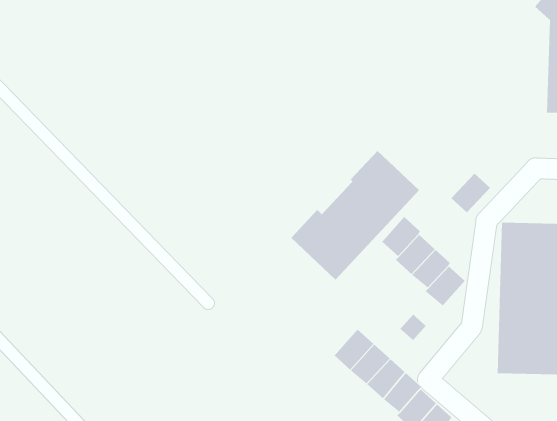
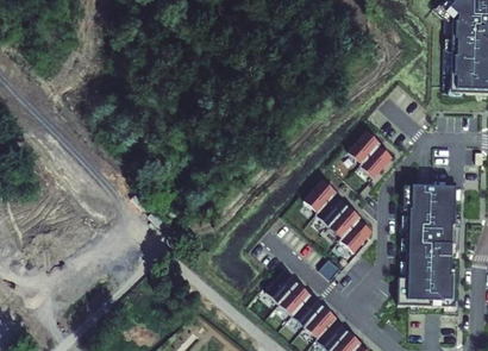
building: [291,150,420,280] -> none
building: none -> [350,132,382,165]

